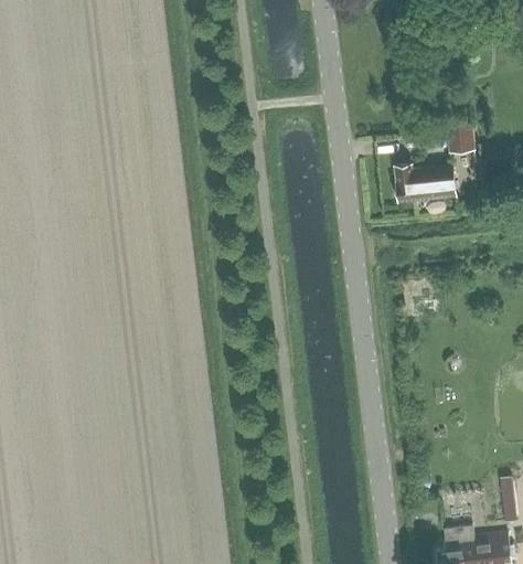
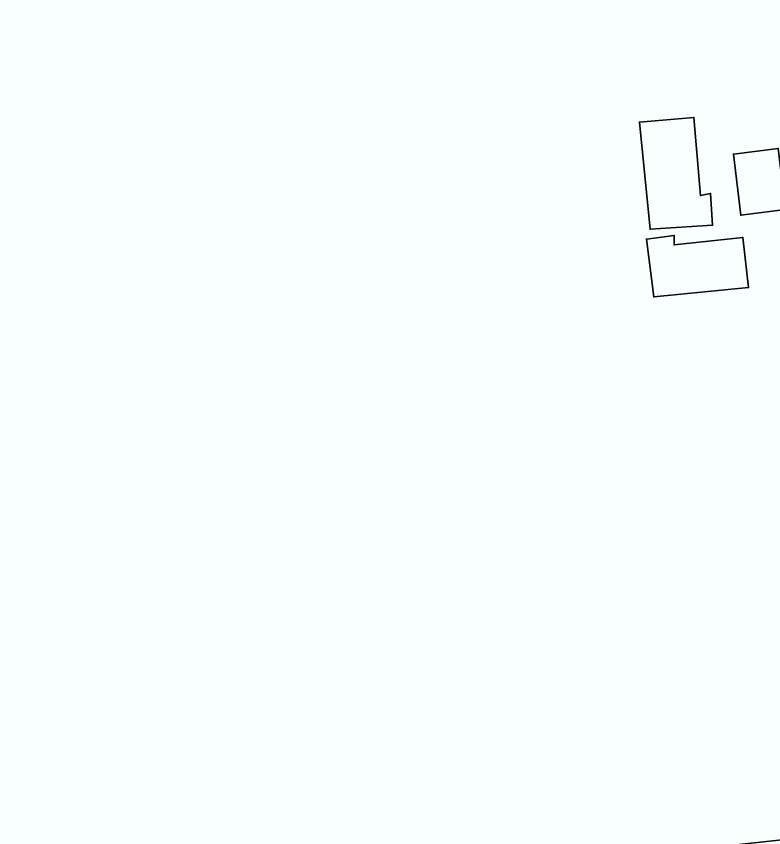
building: none -> [640,118,713,229]

